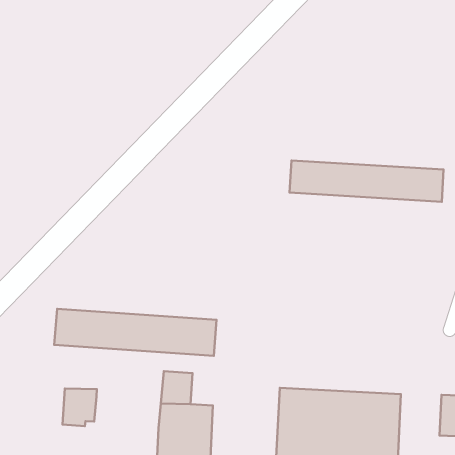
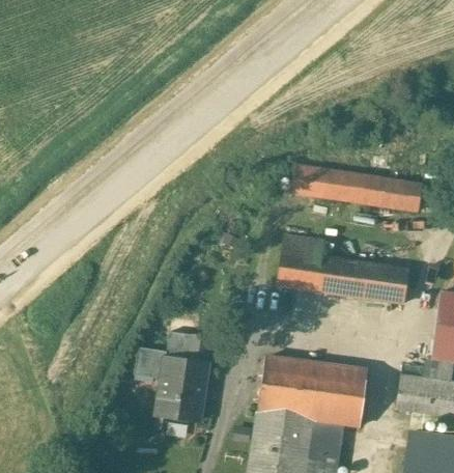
building: none -> [277,235,412,305]
building: [54,309,217,356] -> none
building: [62,389,97,426] -> [135,349,167,382]

